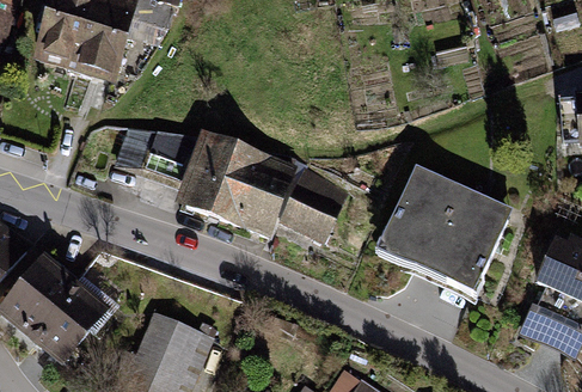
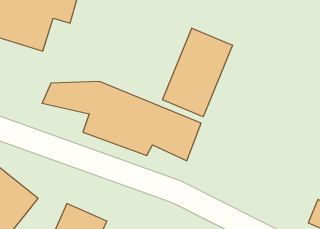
building: none -> [163,28,232,117]
building: [380,161,513,290] -> none

